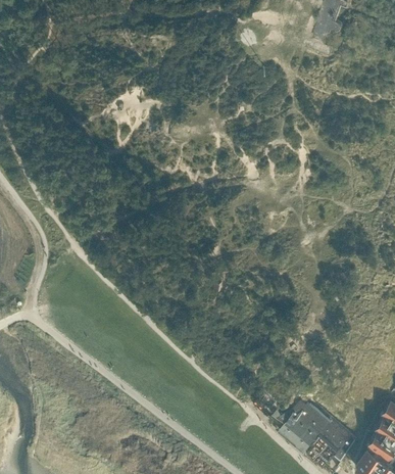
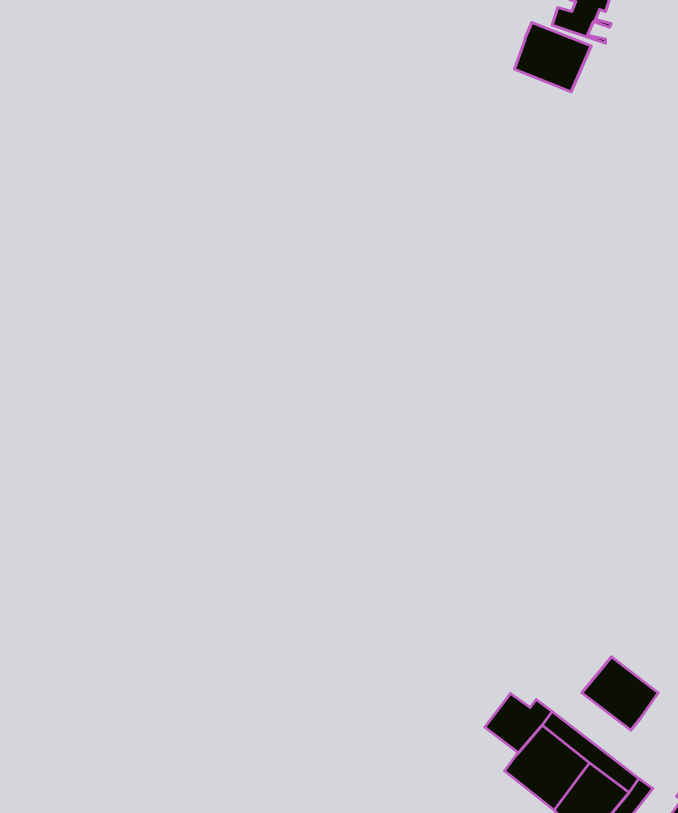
building: none -> [515,23,591,92]
building: none -> [582,657,658,730]

